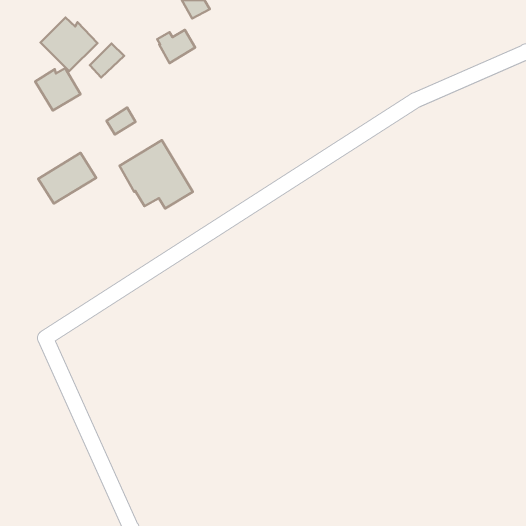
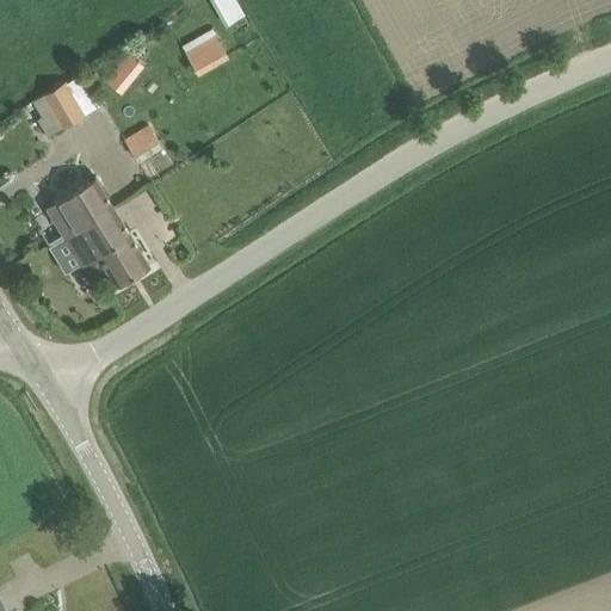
building: [40,18,98,71] -> none
building: [120,140,193,208] -> [62,208,147,286]

